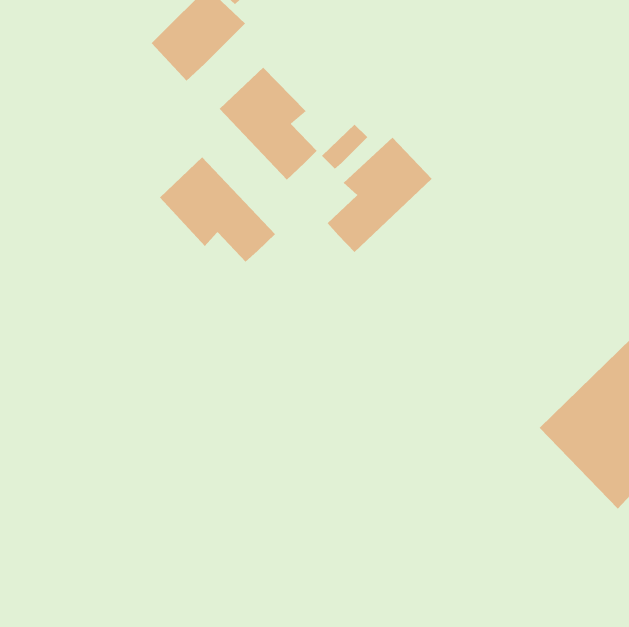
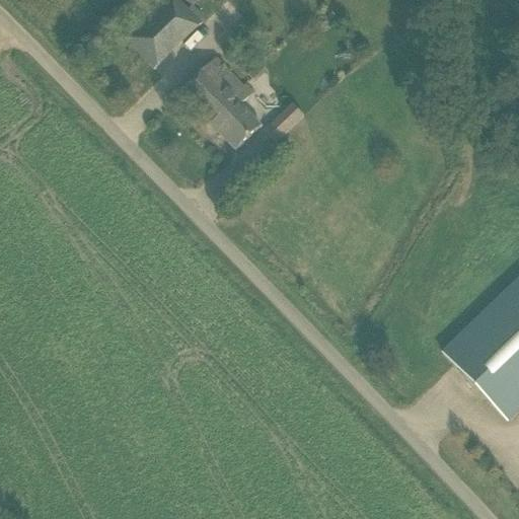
building: [327,137,432,253] -> none
building: [159,156,276,263] -> none

